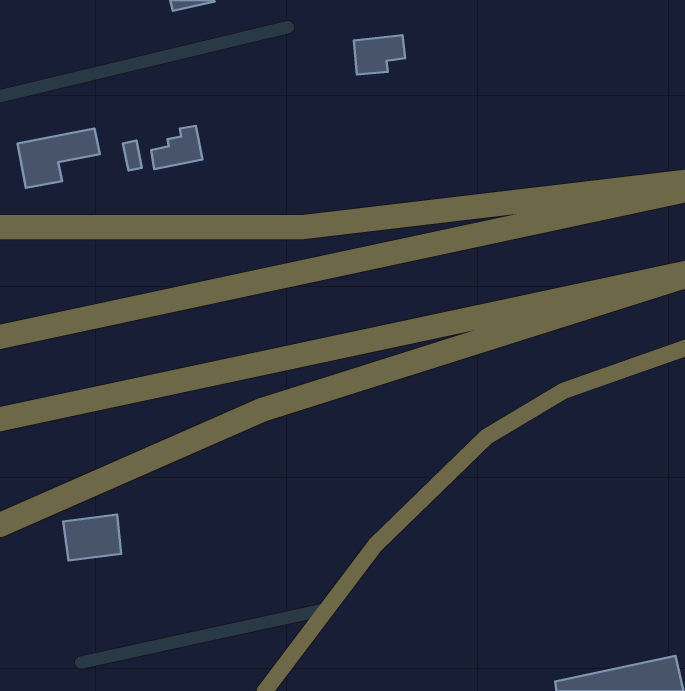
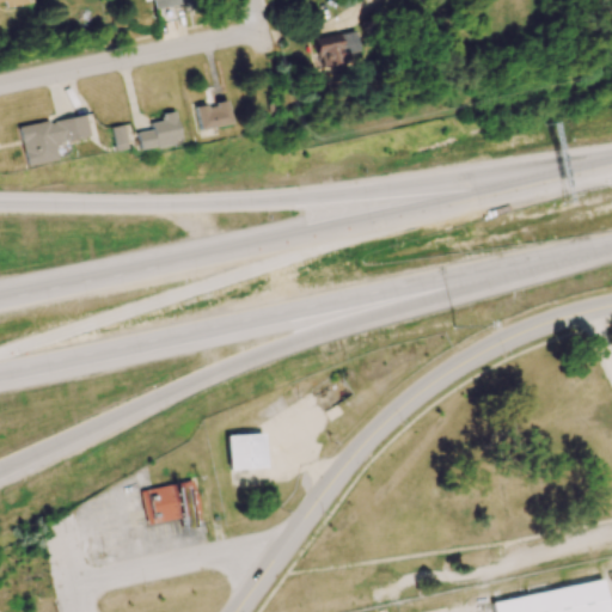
building: none -> [197,103,233,129]
building: none -> [231,434,268,470]
building: [63,515,121,561] -> [148,482,200,522]

